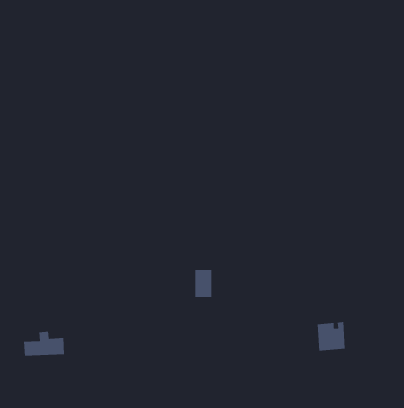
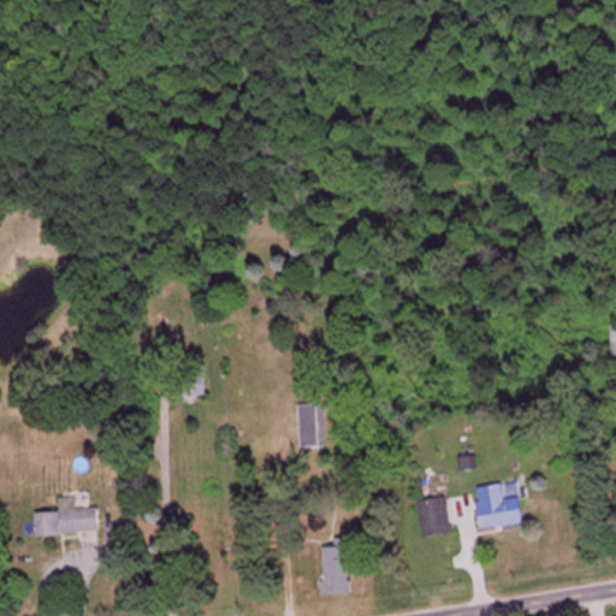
building: none -> [415,497,450,538]
building: none -> [322,541,348,594]

